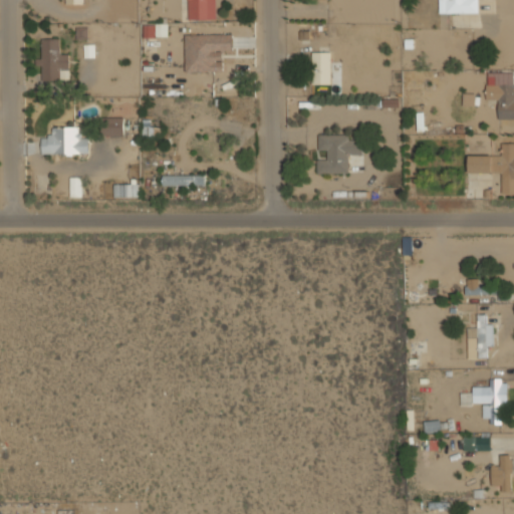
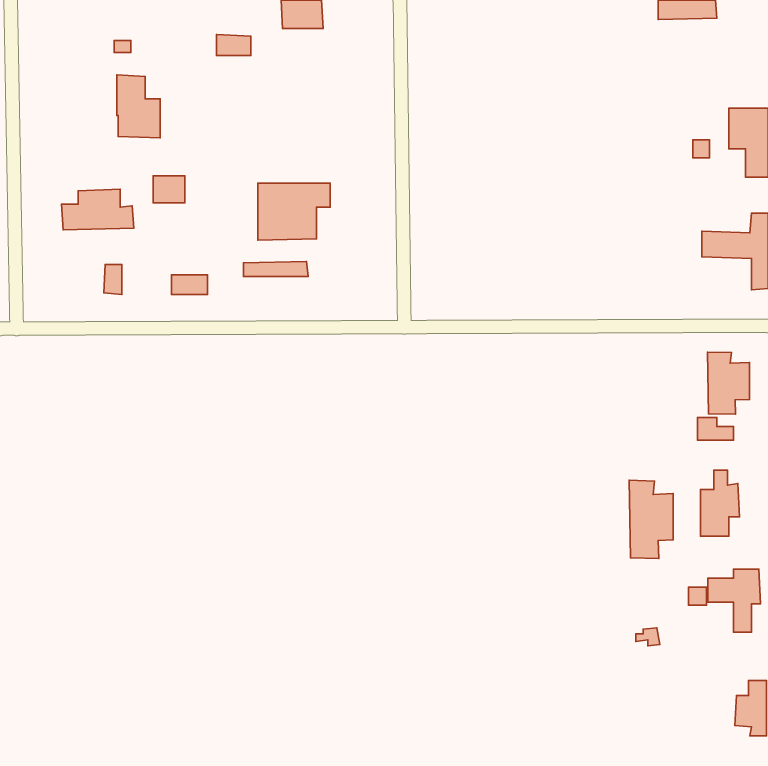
building: [185,35,233,73] -> [258,183,330,240]
building: [40,39,69,81] -> [117,75,160,138]
building: [312,52,331,85] -> none
building: [317,136,362,174] -> none
building: none -> [707,352,749,414]
building: none -> [629,480,673,559]

